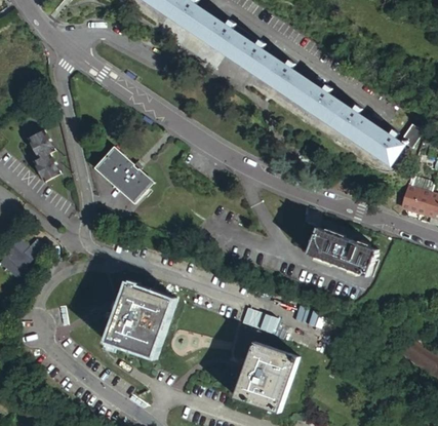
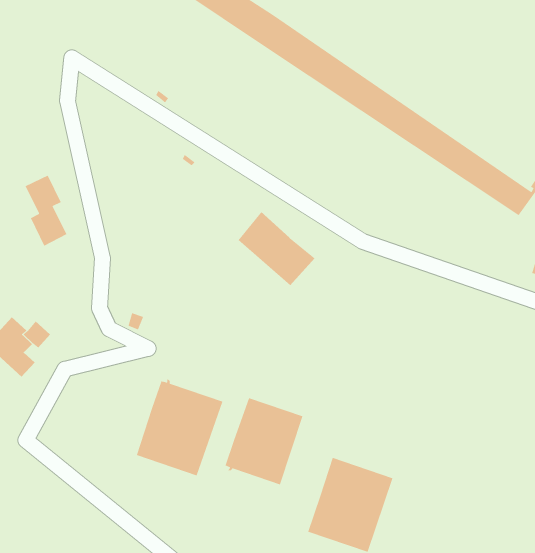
building: [94,147,152,202] -> [237,211,315,286]
building: [307,229,376,275] -> none
building: none -> [225,397,304,485]

